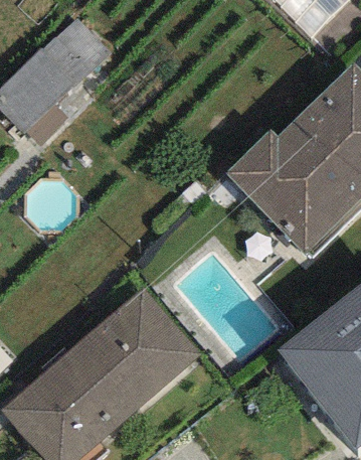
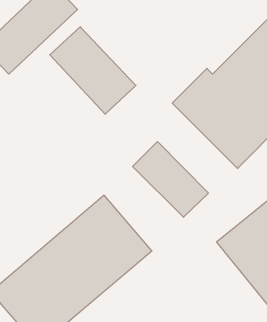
building: none -> [50,27,136,114]
building: none -> [133,142,208,217]

